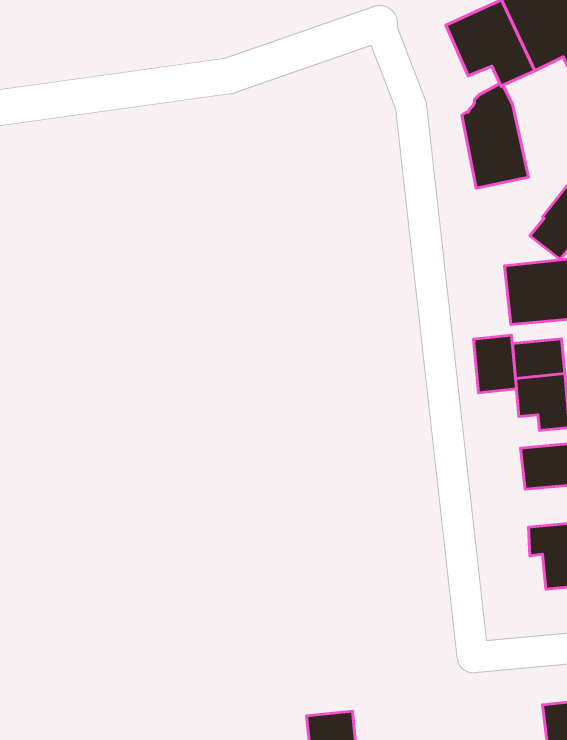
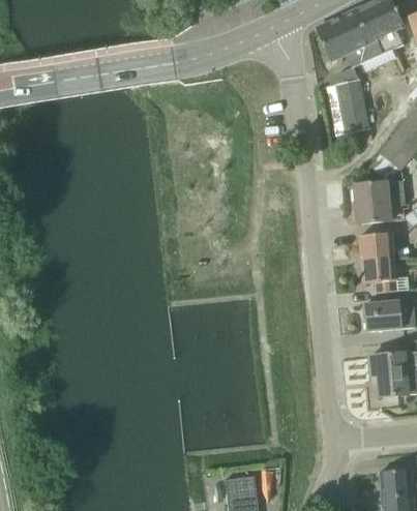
building: [473,335,517,393] -> none

